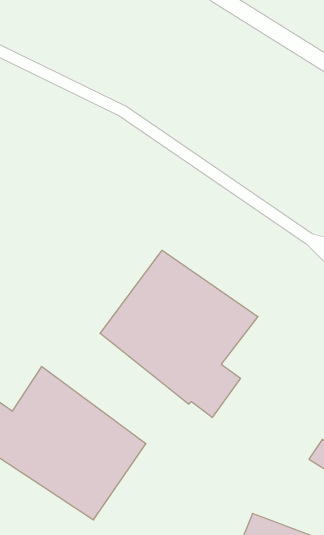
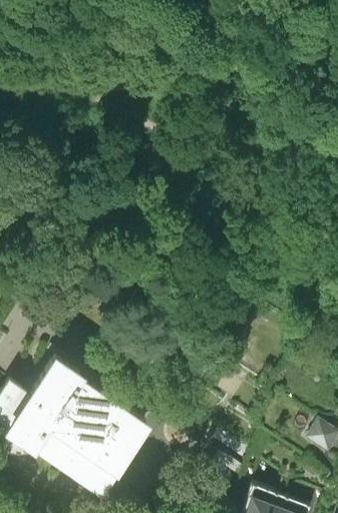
building: [100,250,258,418] -> none

